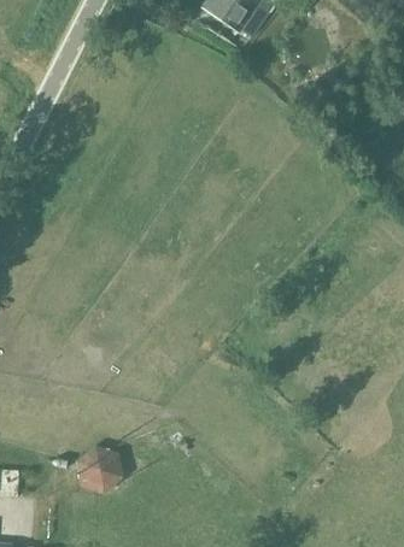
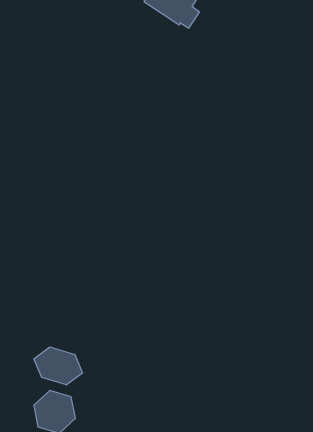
building: none -> [34,347,83,385]

